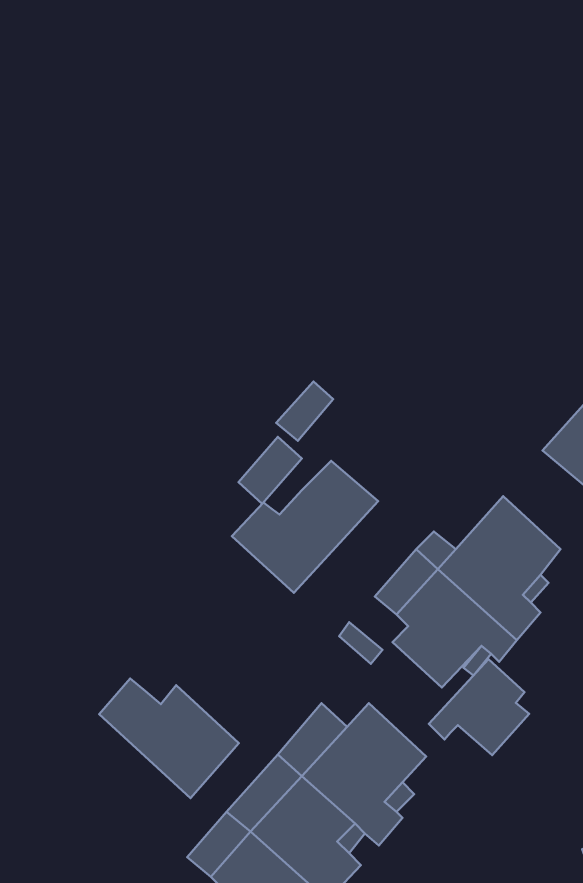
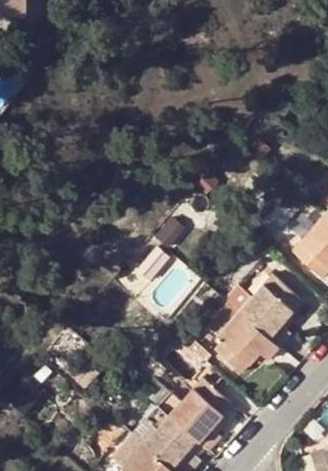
building: [232,461,378,593] -> none
building: [429,659,529,755] -> none
building: [99,678,239,798] -> none

